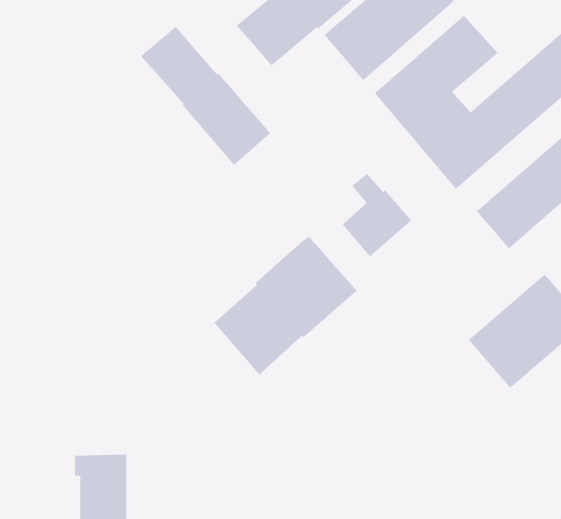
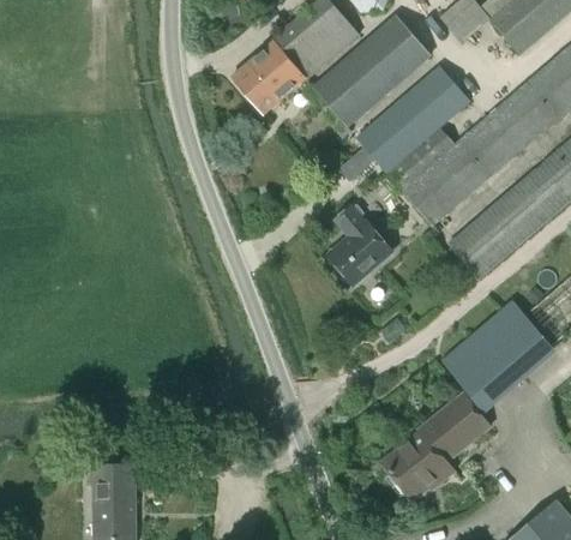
building: [140,26,271,166] -> none
building: [214,236,357,376] -> none
building: none -> [384,391,491,498]

